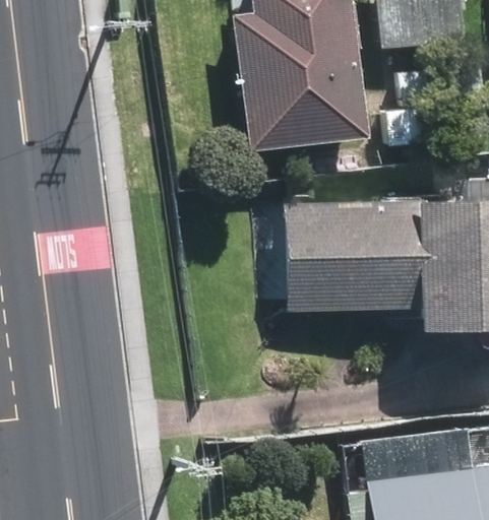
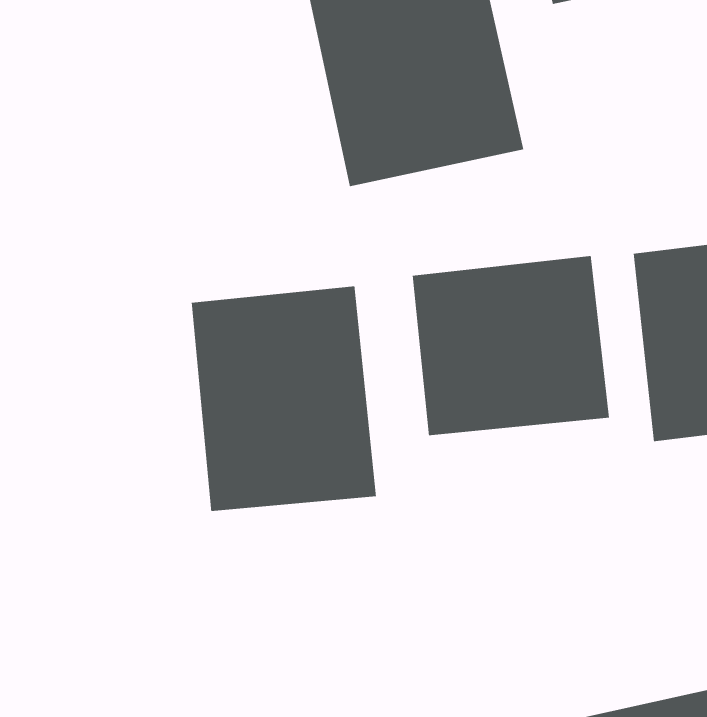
building: none -> [191,285,376,512]

